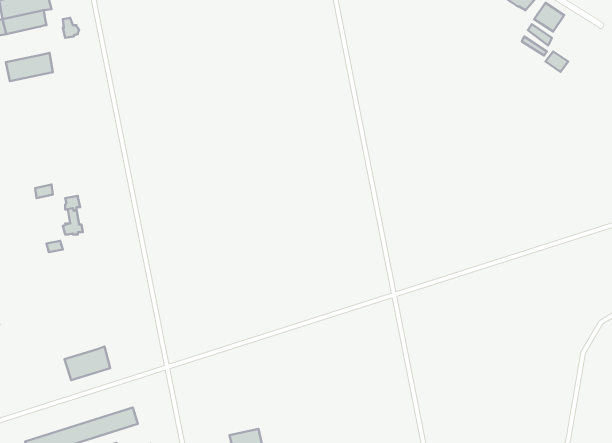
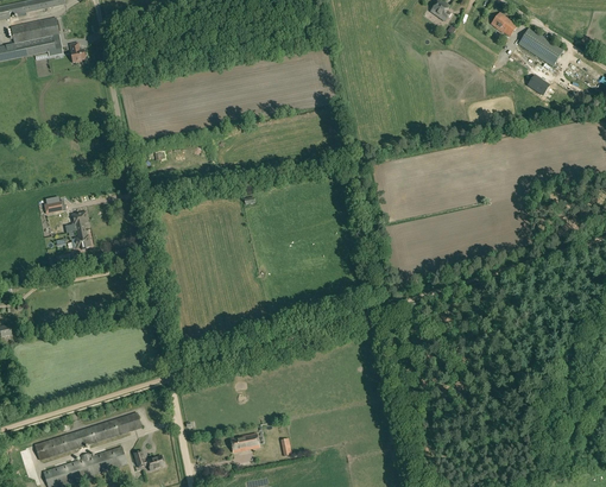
building: [6,53,53,81] -> none
building: [65,347,110,380] -> none

